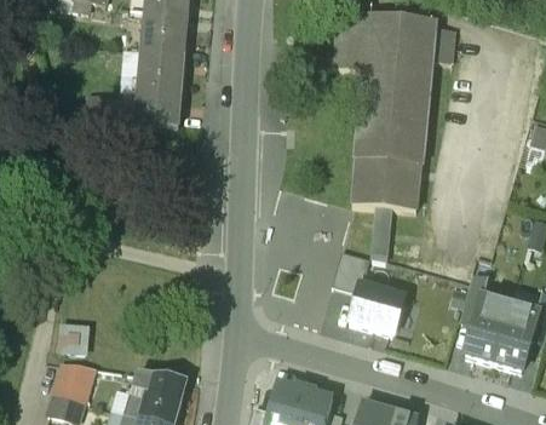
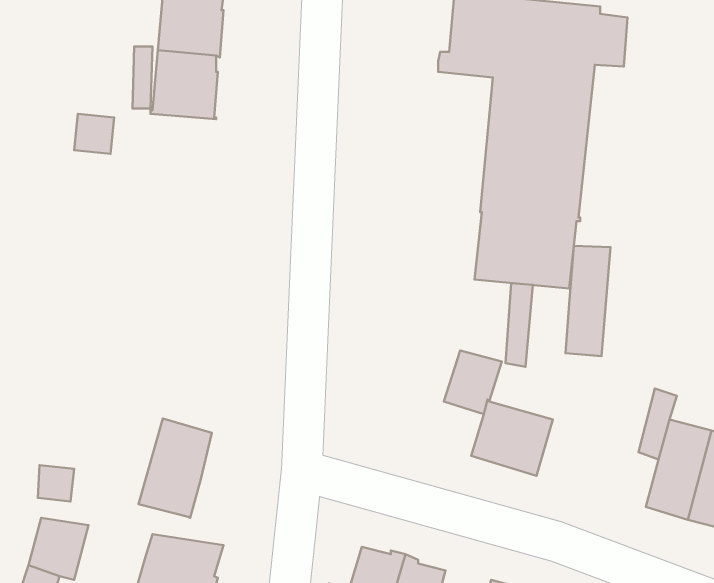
building: [132,93,179,126] -> none
building: none -> [565,246,611,356]
building: none -> [139,419,212,518]

